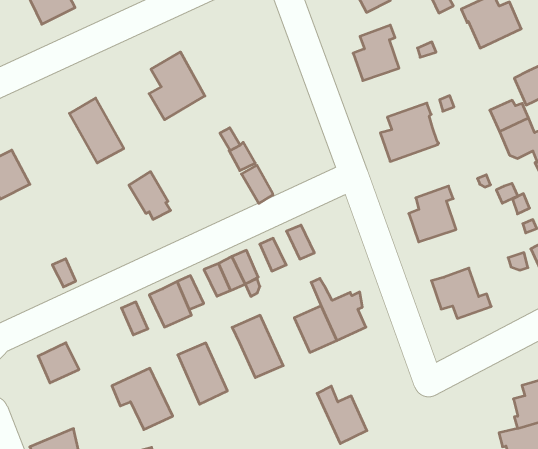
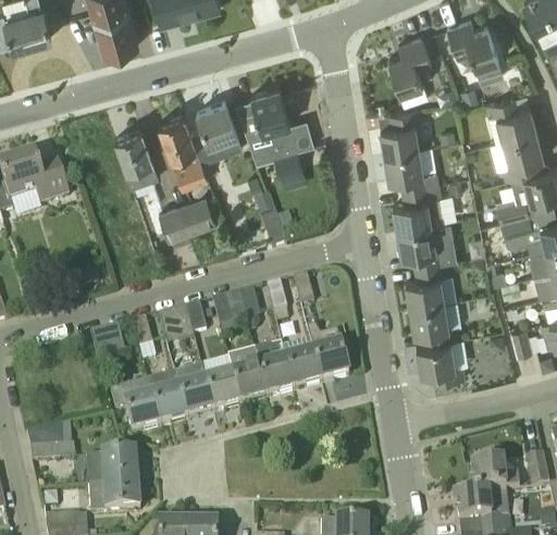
building: none -> [238,84,314,175]
building: none -> [491,130,543,178]
building: none -> [385,145,440,189]
building: none -> [159,112,208,186]
building: none -> [397,222,447,266]
building: none -> [180,192,215,231]
building: none -> [410,301,459,343]
building: [38,343,79,383] -> [90,323,125,357]
building: none -> [206,370,242,411]
building: none -> [148,371,187,425]
building: [317,386,367,444] -> [256,344,295,397]

